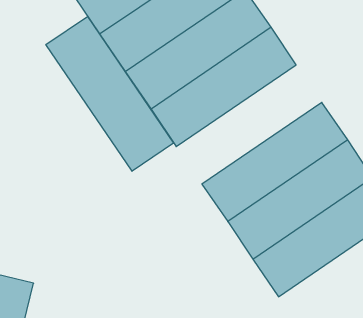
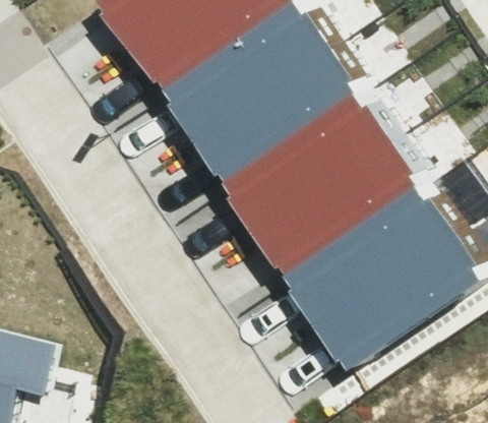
building: [46,16,174,171] -> none
building: none -> [226,85,404,231]

